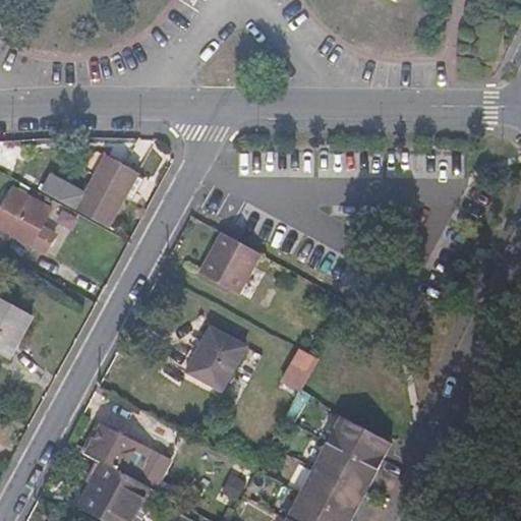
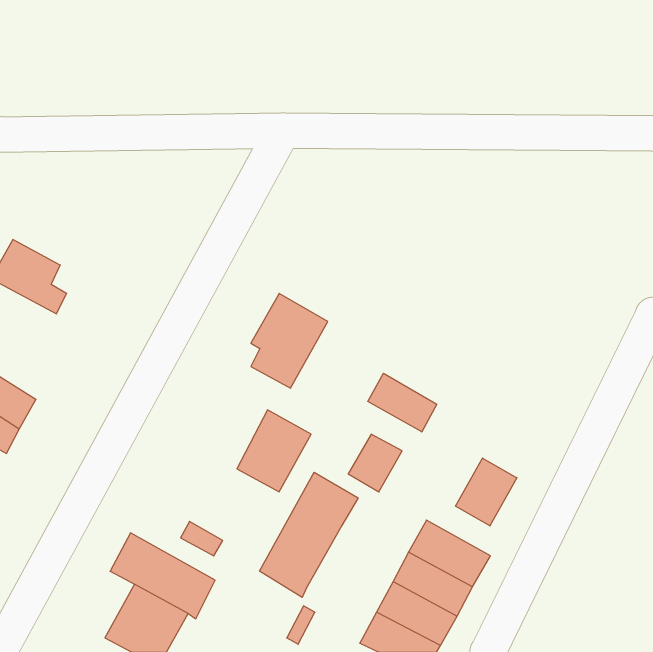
building: [41,155,137,227] -> none
building: none -> [368,373,437,432]
building: none -> [456,458,517,526]
building: none -> [259,472,358,597]

